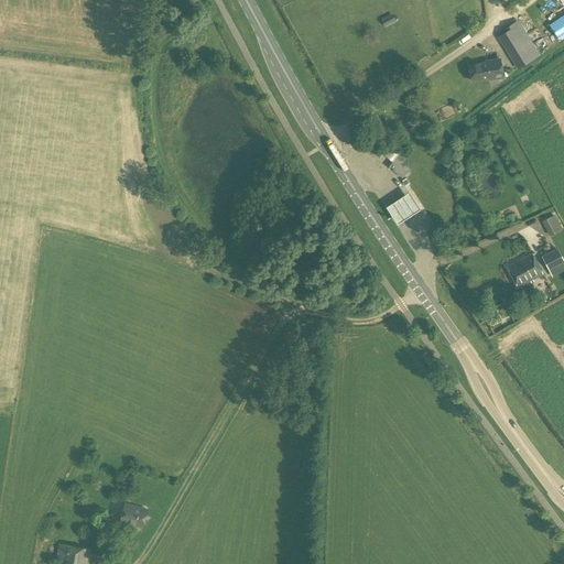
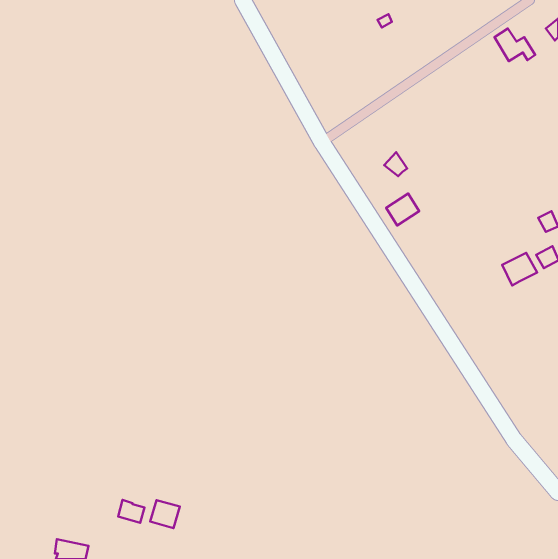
building: [468,58,502,82] -> none
building: none -> [150,500,180,528]

